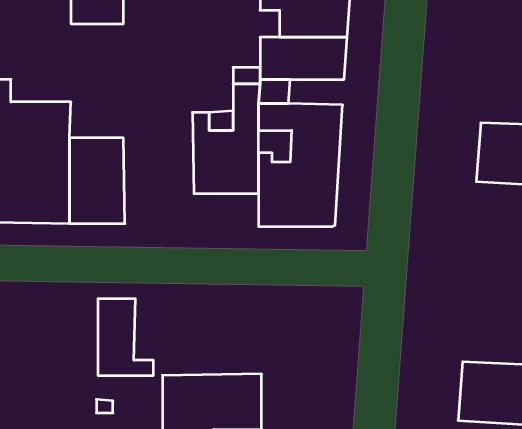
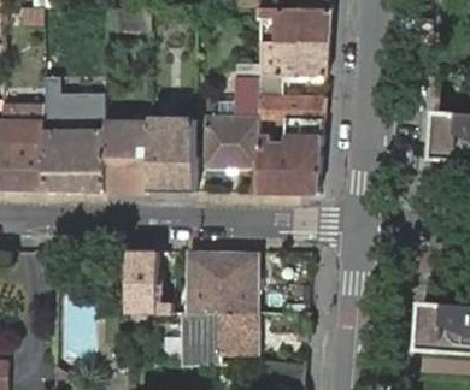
building: none -> [147,119,194,193]
building: none -> [171,252,258,313]

